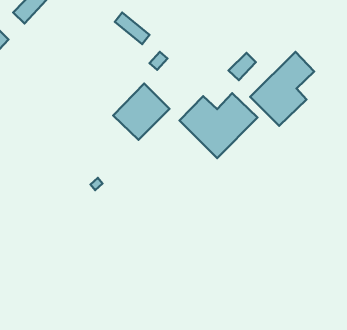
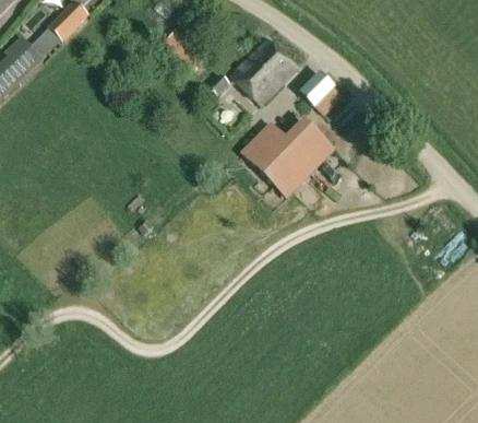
building: [250,52,314,126] -> none
building: [113,84,169,140] -> [230,36,296,102]

